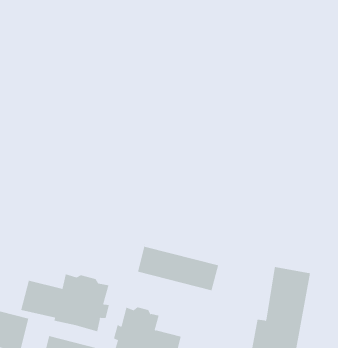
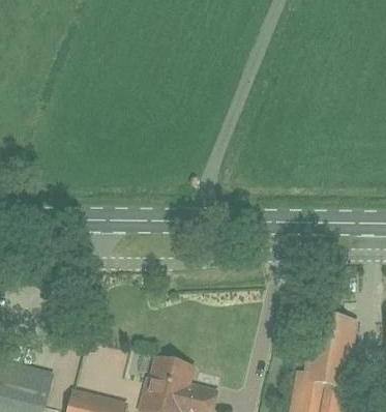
building: [137,241,219,291] -> none
building: [20,274,109,332] -> none

